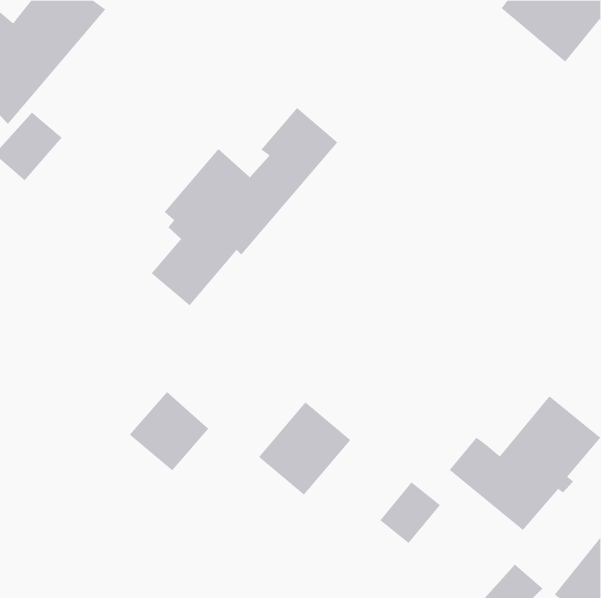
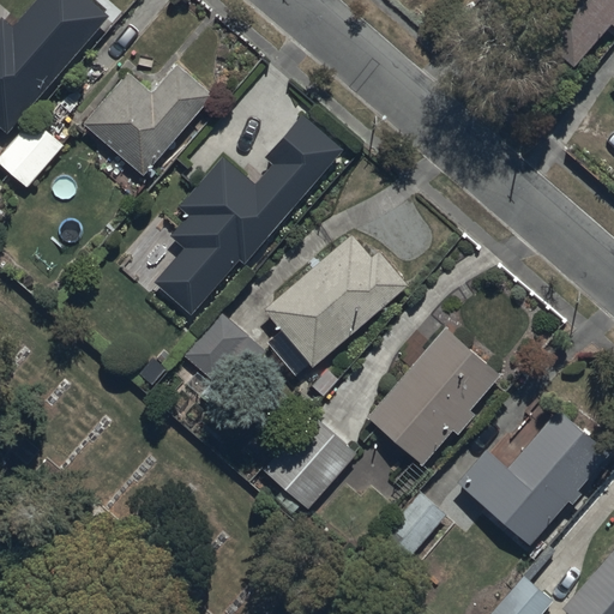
building: none -> [82,62,215,176]
building: none -> [264,234,410,373]
building: none -> [367,326,501,465]
building: [129,391,209,471] -> [182,312,264,393]

